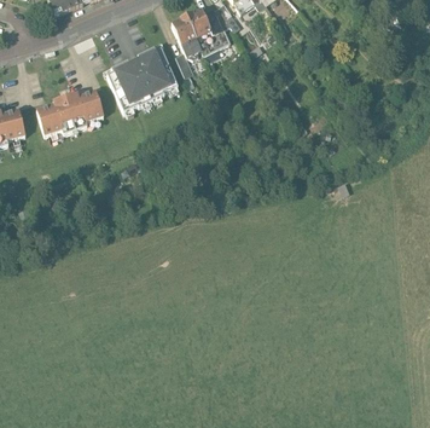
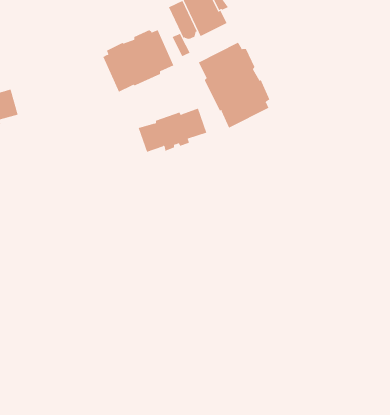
building: none -> [198,42,270,129]
building: [36,85,104,128] -> [138,108,207,153]

